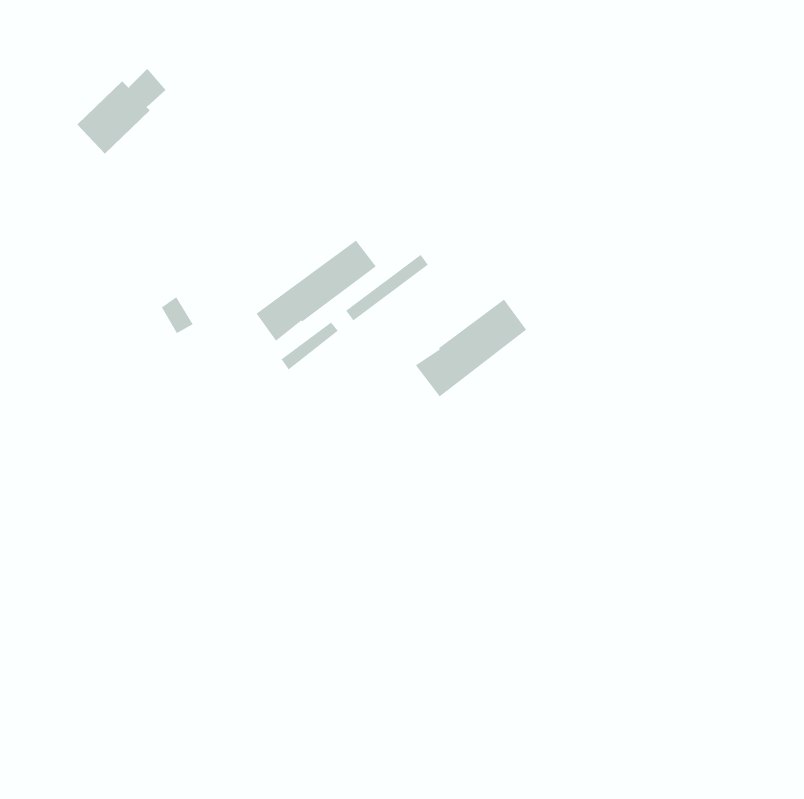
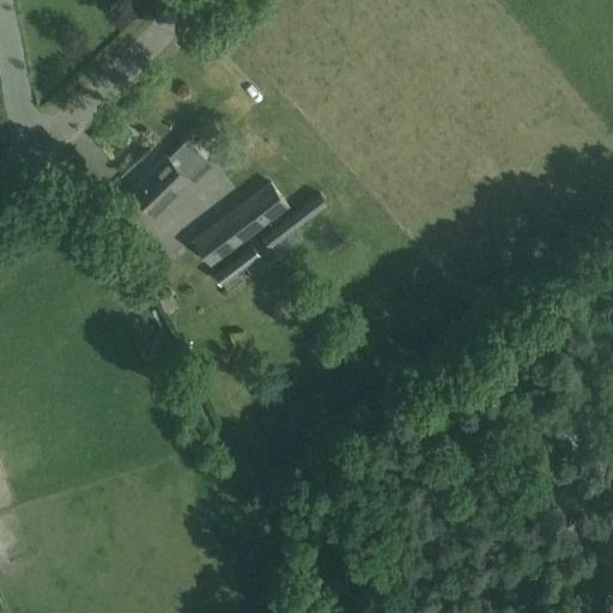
building: [77,68,166,154] -> [133,148,201,214]
building: [415,298,527,397] -> none

